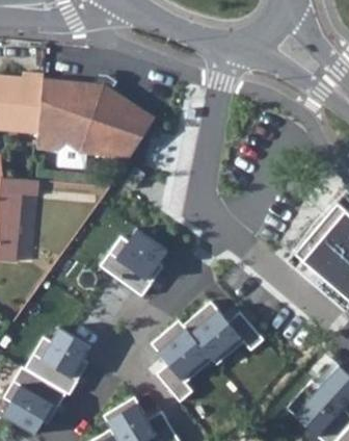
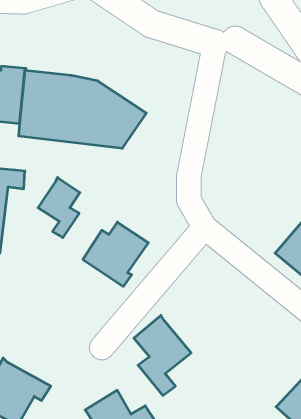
building: none -> [38,177,80,238]
building: [182,303,263,365] -> none
building: [25,326,90,393] -> none

